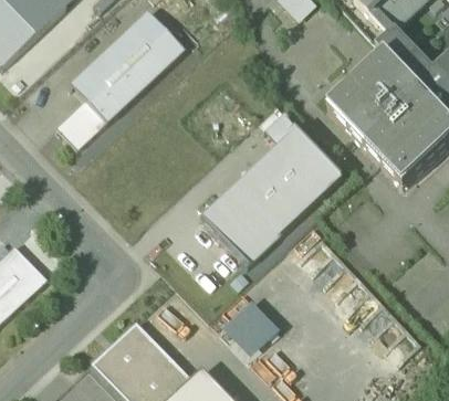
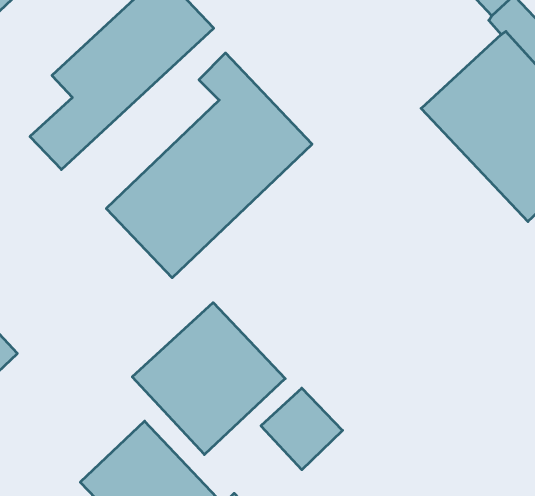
building: [201,109,346,267] -> [106,53,312,278]
building: none -> [132,303,285,455]

